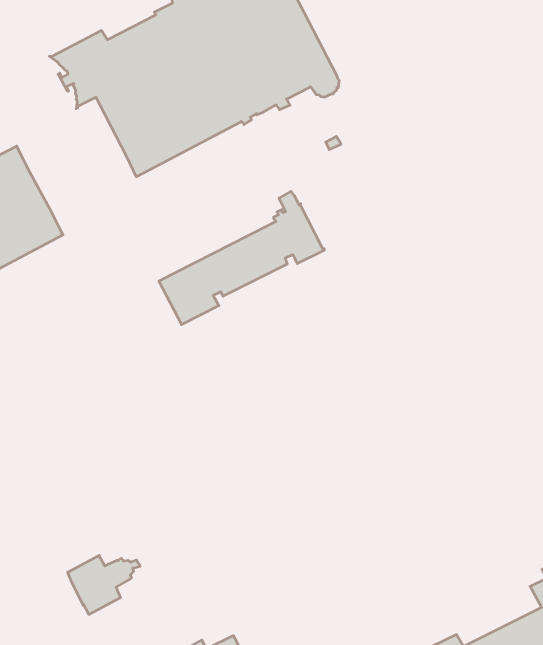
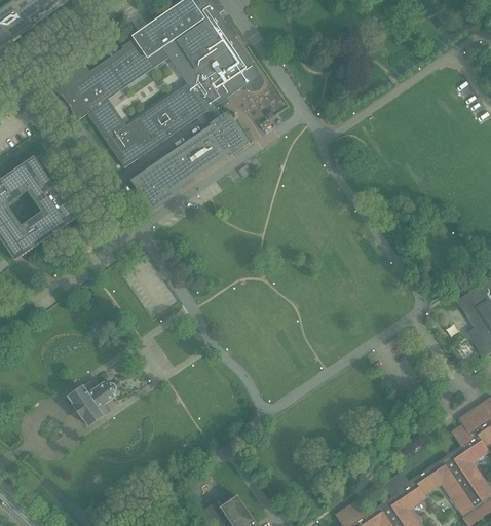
building: [159,191,324,325] -> [131,102,250,210]
building: [68,555,140,614] -> [69,380,121,424]

